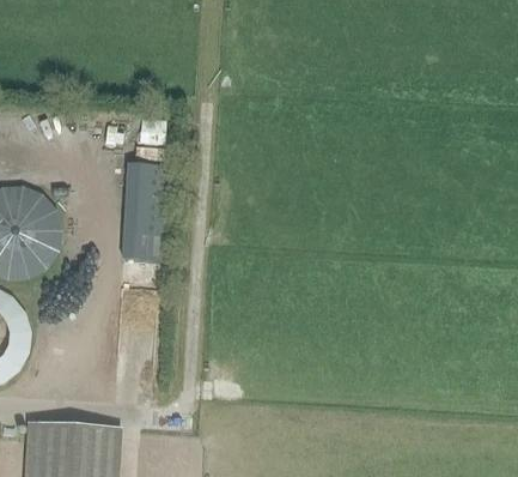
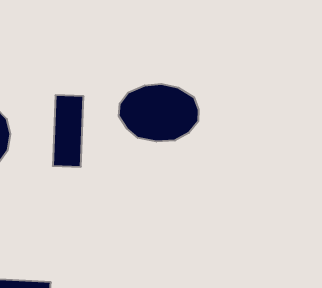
building: none -> [119,84,199,142]

